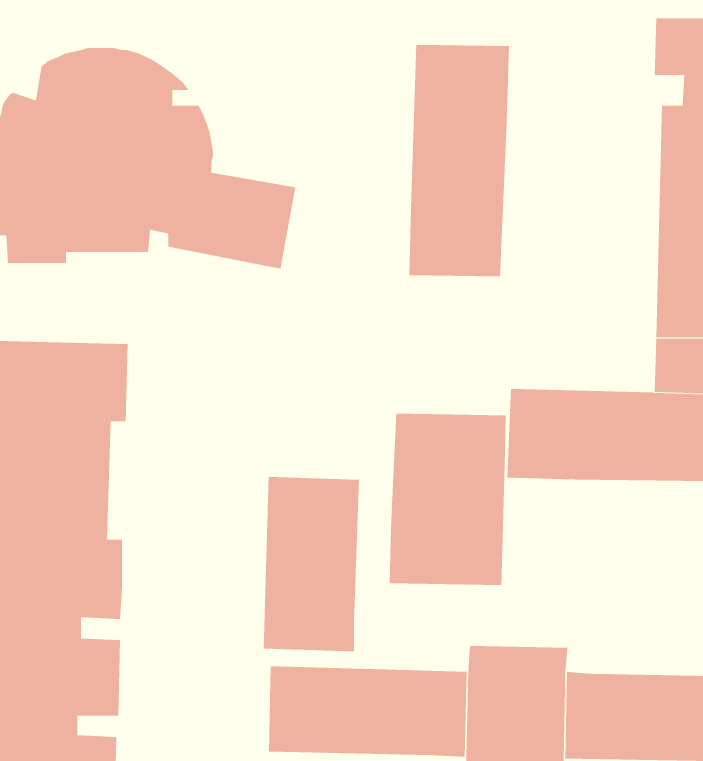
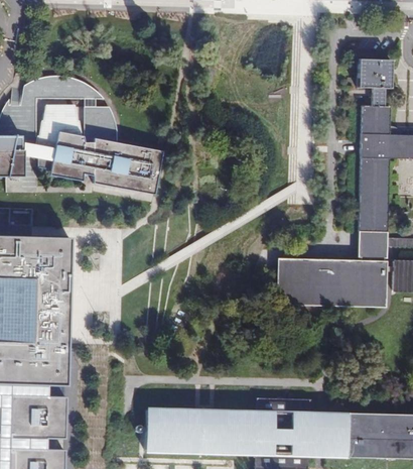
building: [409,44,510,277] -> none
building: [389,413,506,586] -> none
building: [263,476,359,652] -> none

